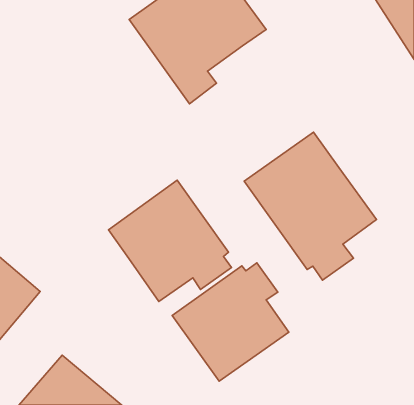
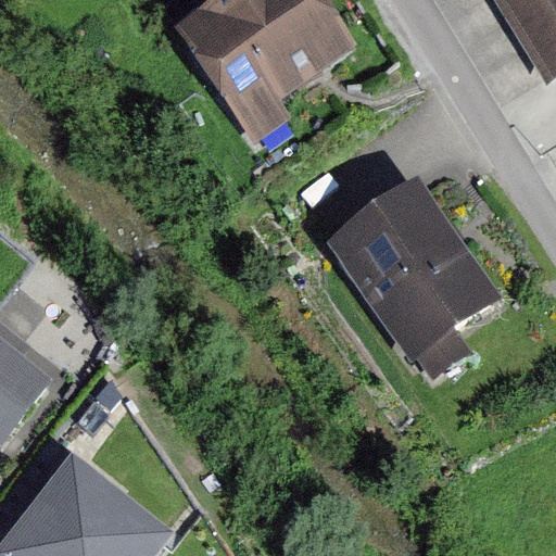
building: [108,180,232,301] -> none
building: [172,263,289,381] -> none

